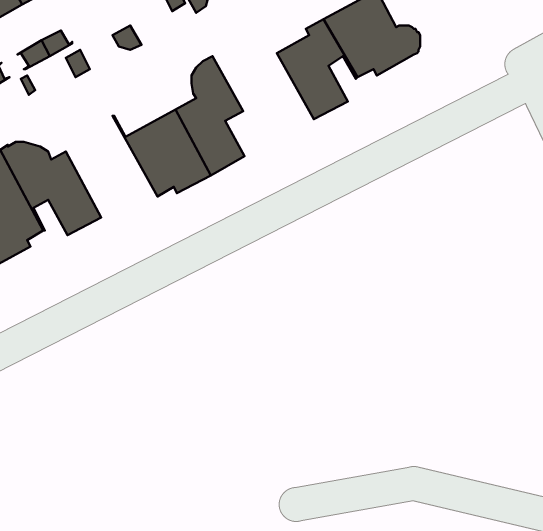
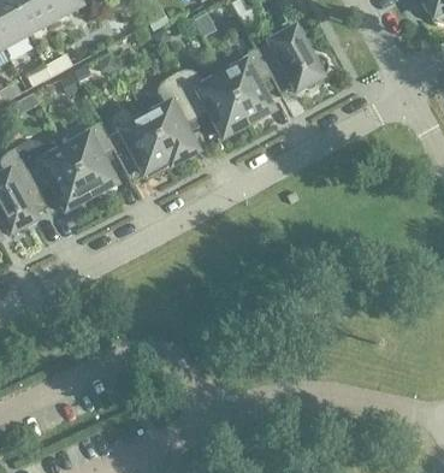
building: none -> [172,69,248,136]
building: none -> [63,119,131,195]

